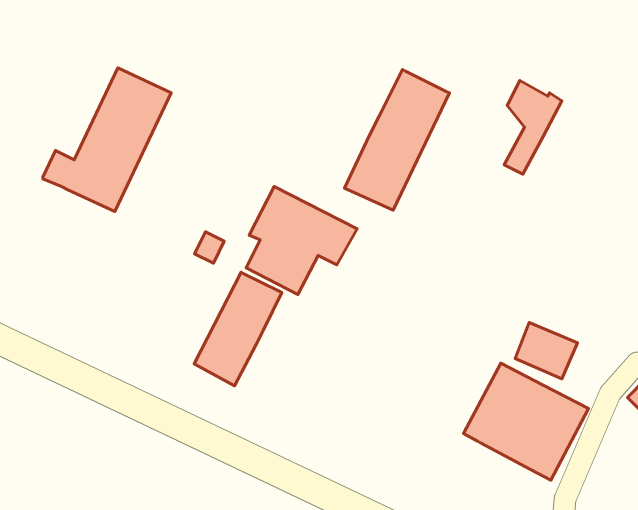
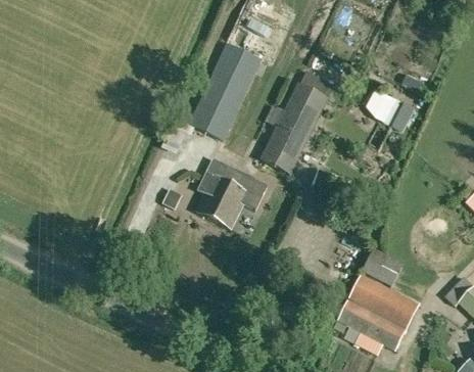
building: [43,68,171,212] -> [177,45,260,139]
building: [194,272,282,386] -> none

